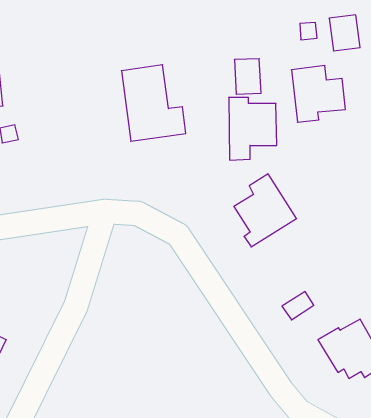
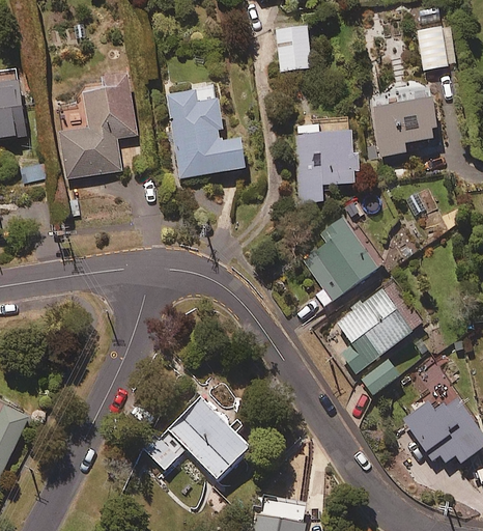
building: none -> [61,75,135,176]
building: [234,59,261,94] -> [278,26,310,68]
building: none -> [336,290,411,372]
building: none -> [145,397,250,480]

